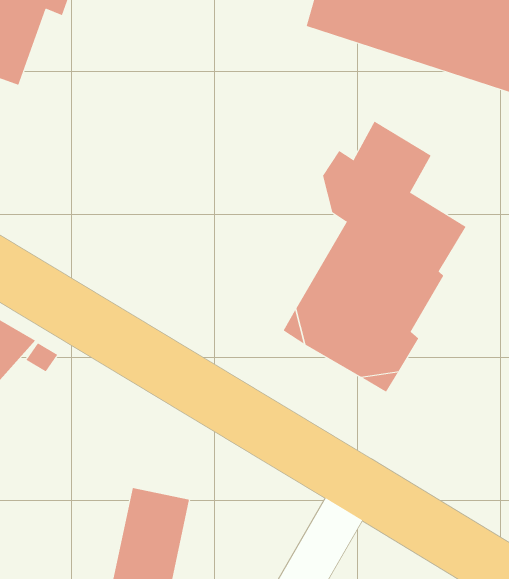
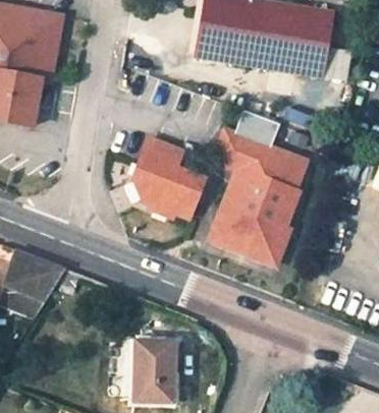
building: none -> [133,137,206,216]

